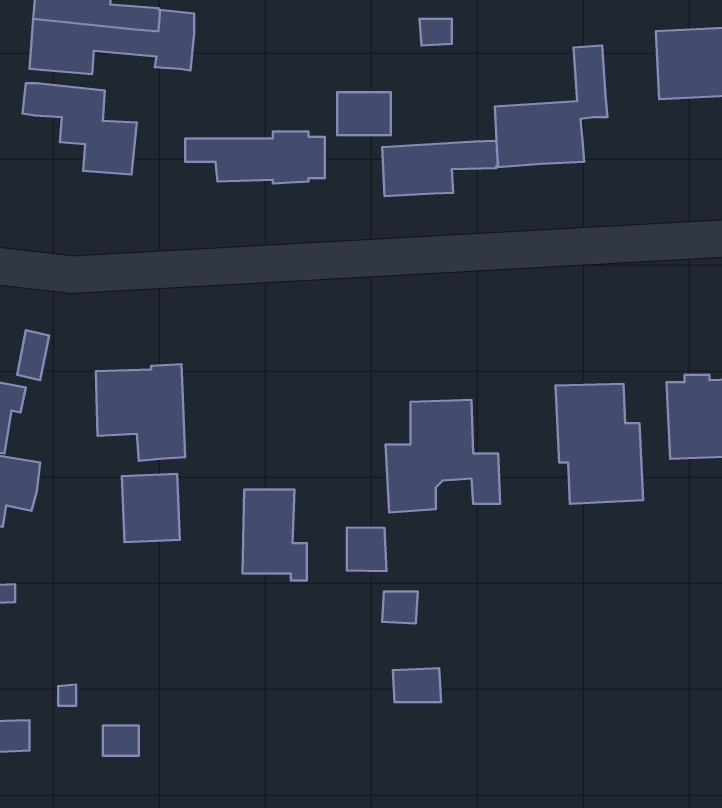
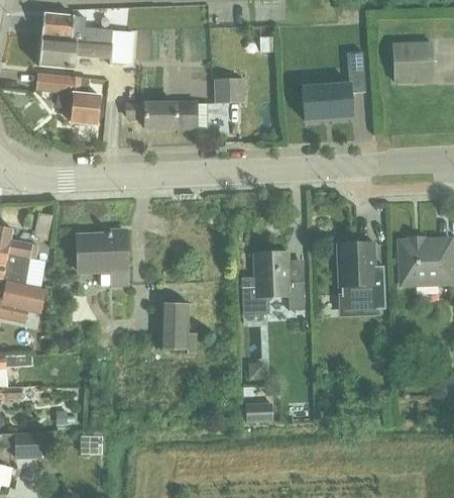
building: [382,141,498,196] -> none
building: [122,474,180,542] -> none
building: [347,527,386,571] -> none

